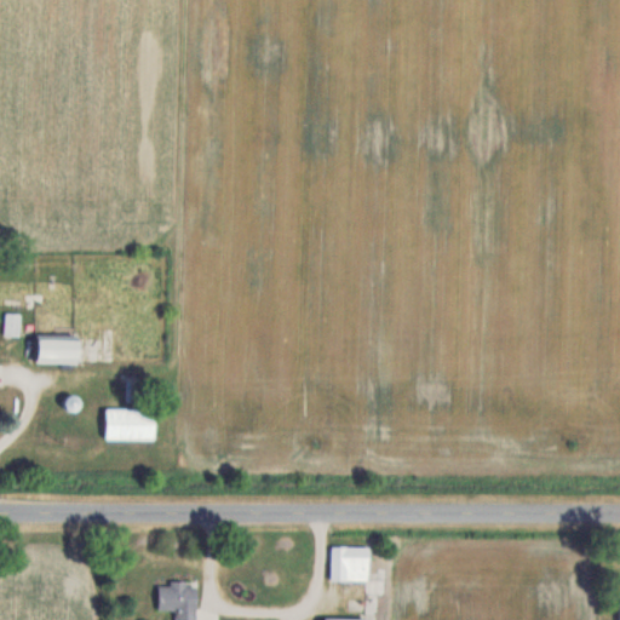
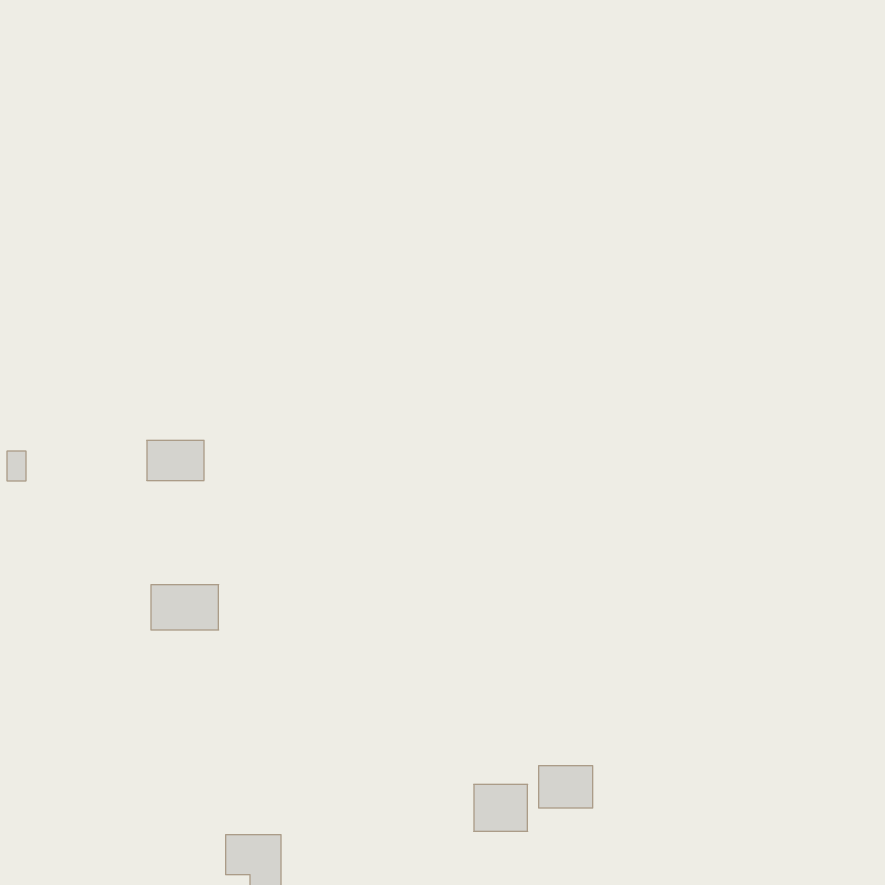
building: [38,337,78,364] -> [147,440,204,480]
building: none -> [539,766,593,808]

